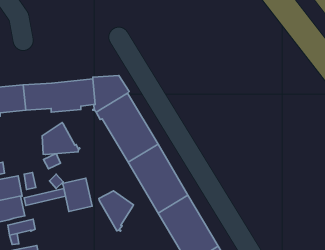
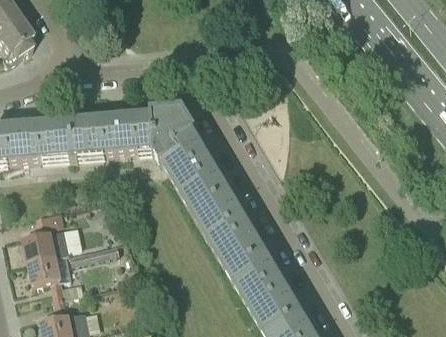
building: [42,123,80,155] -> none
building: [62,178,92,212] -> none
building: [99,191,134,231] -> none

